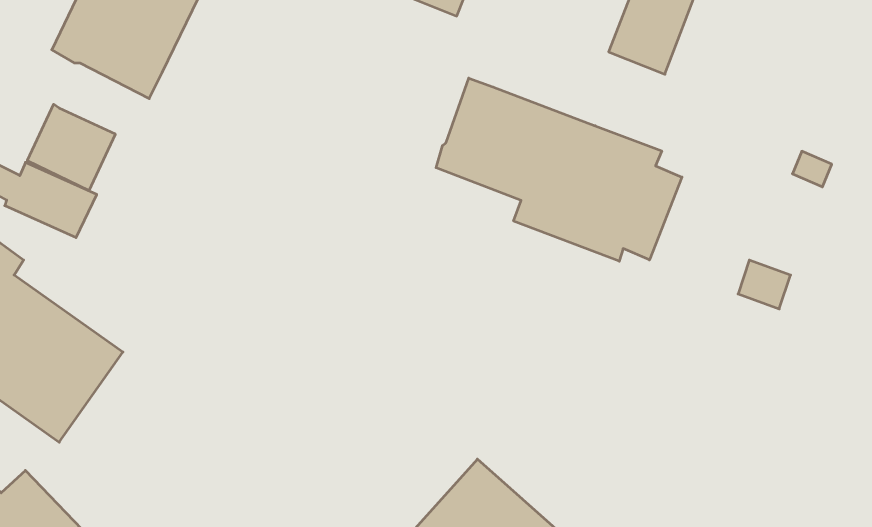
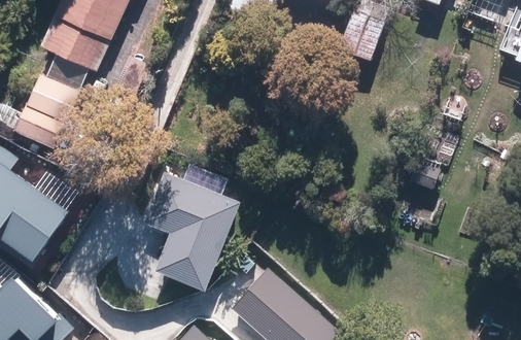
building: [436,78,682,261] -> none
building: none -> [150,174,245,290]

